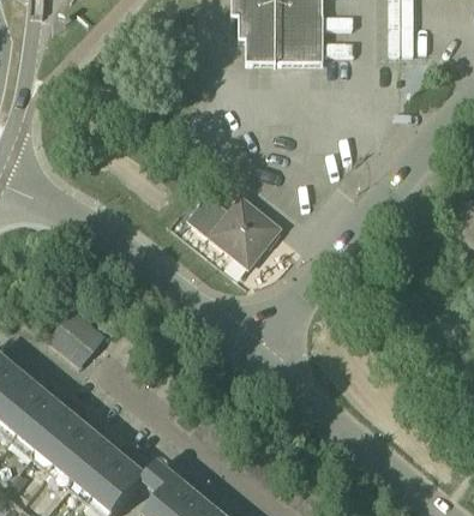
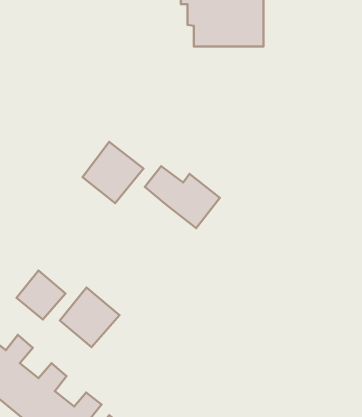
building: none -> [82,142,143,203]
building: none -> [60,287,120,347]

